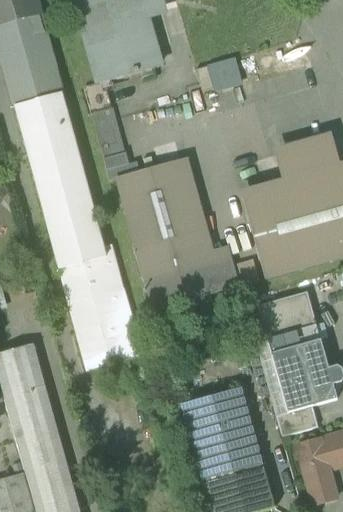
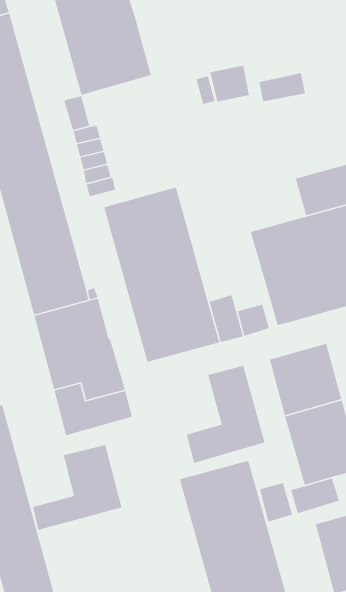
building: none -> [259,72,306,102]
building: none -> [186,365,266,464]
building: none -> [32,444,122,531]
building: none -> [259,482,293,522]

